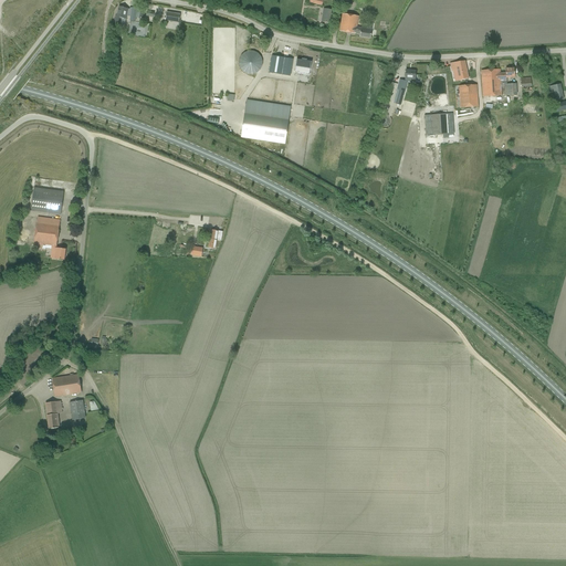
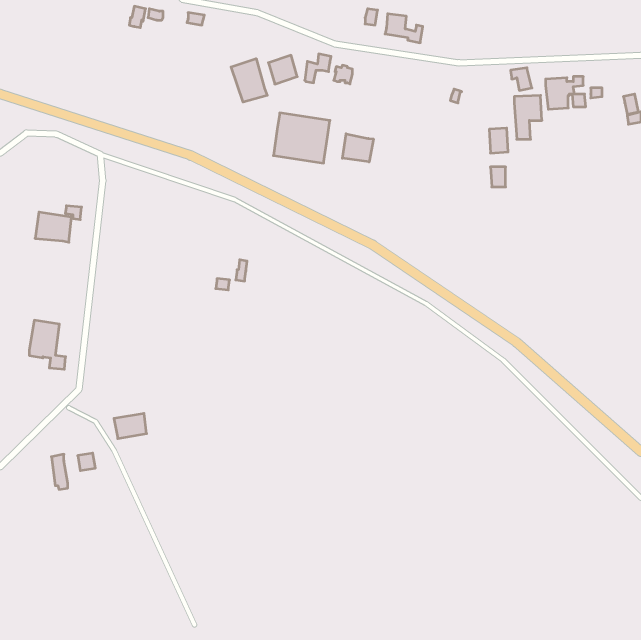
building: none -> [231,59,267,102]
building: none -> [342,134,373,162]
building: [33,216,65,259] -> [29,320,66,369]
building: [52,374,81,396] -> [114,413,147,439]

